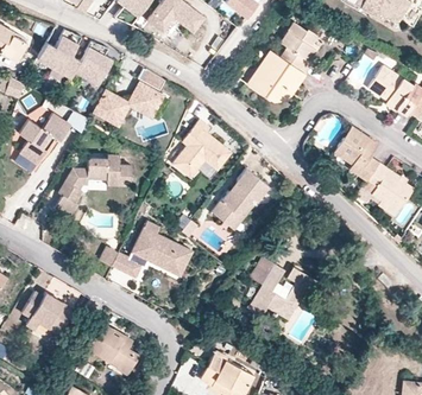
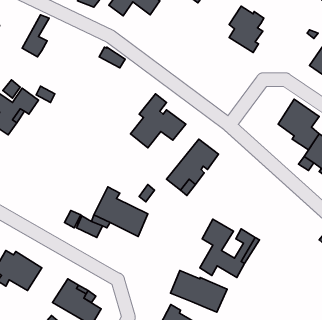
building: [37,28,74,69] -> none
building: [75,40,113,85] -> none
building: [247,51,307,102] -> none
building: [94,82,164,126] -> none
building: [55,155,132,218] -> none
building: none -> [170,270,227,312]

